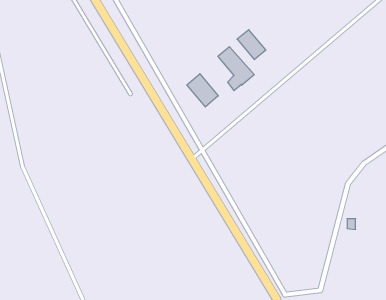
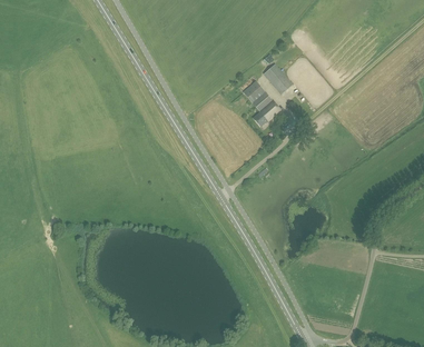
building: [187,74,218,107] -> none

